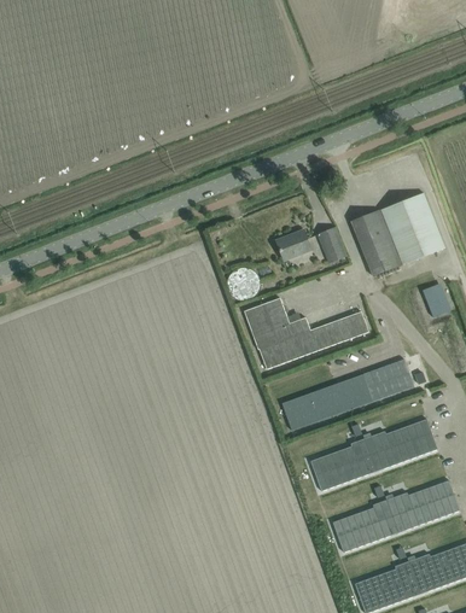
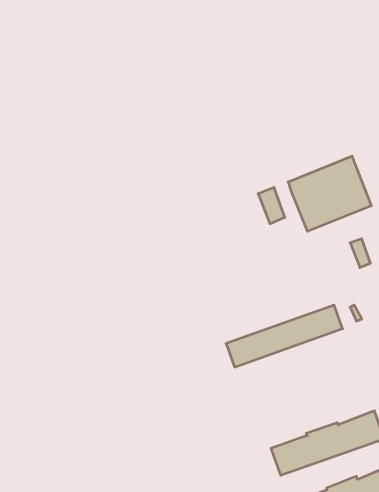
building: [276,229,310,259] -> none
building: [244,297,368,369] -> none
building: [310,419,437,491] -> none

